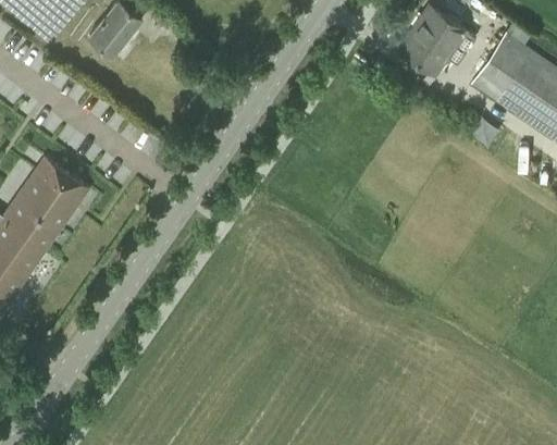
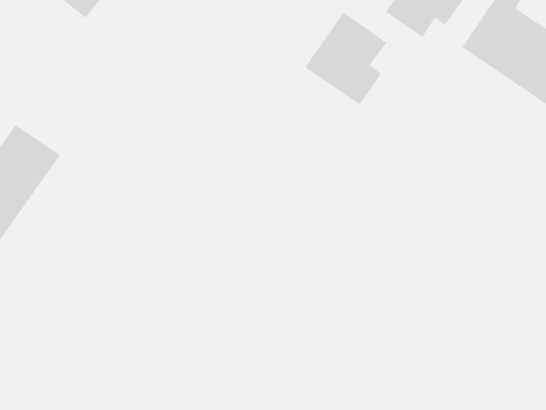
building: none -> [305,12,387,105]

